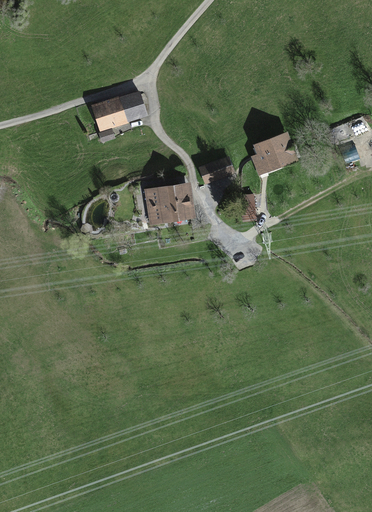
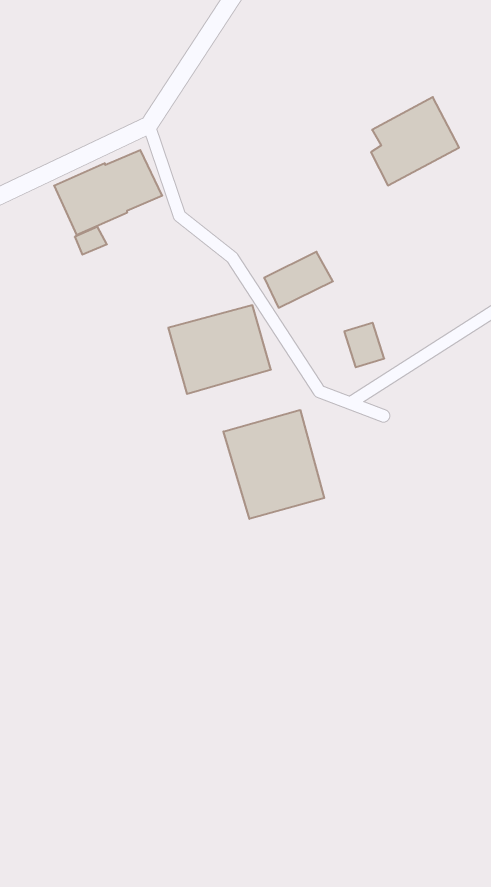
building: [251,130,299,175] -> [371,97,459,185]
building: none -> [223,410,324,519]

